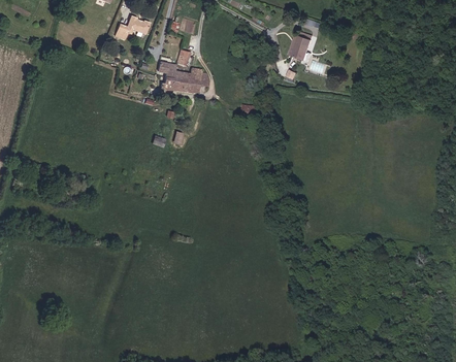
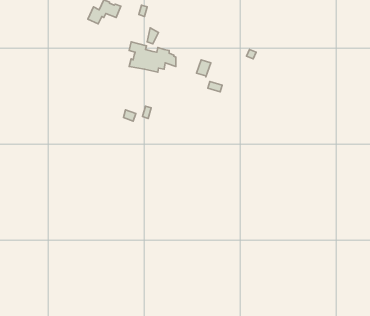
building: [289,31,313,67] -> none

